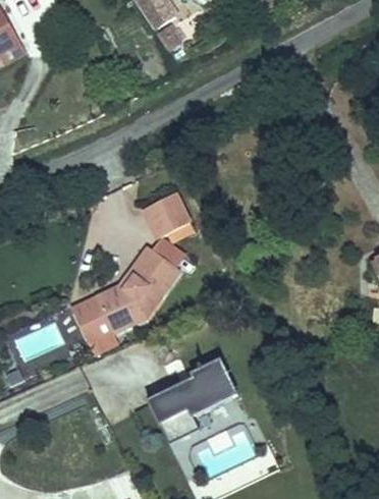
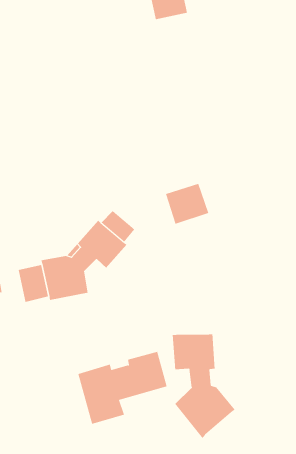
building: [141,192,186,236] -> [165,183,209,224]
building: none -> [172,334,235,439]

